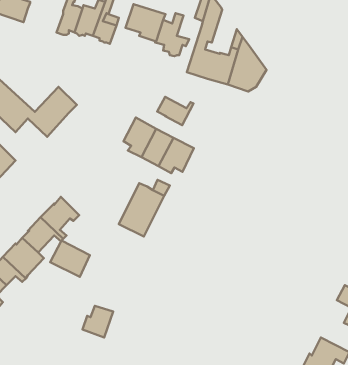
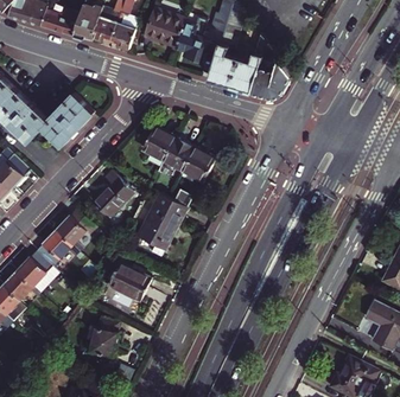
building: none -> [37,11,78,37]
building: [157,97,193,125] -> none
building: none -> [94,172,133,218]
building: [50,240,90,277] -> [108,262,150,300]

